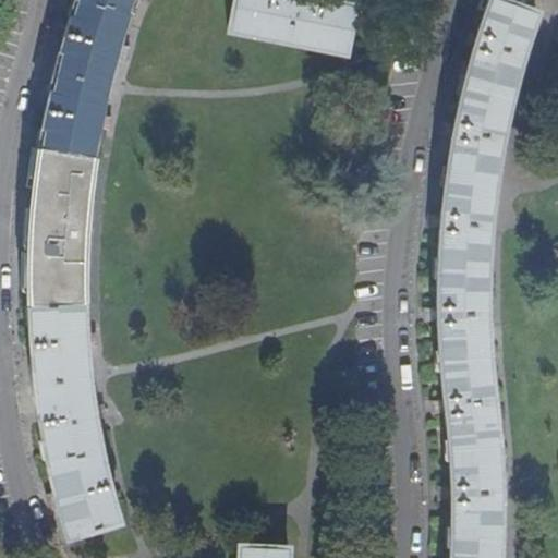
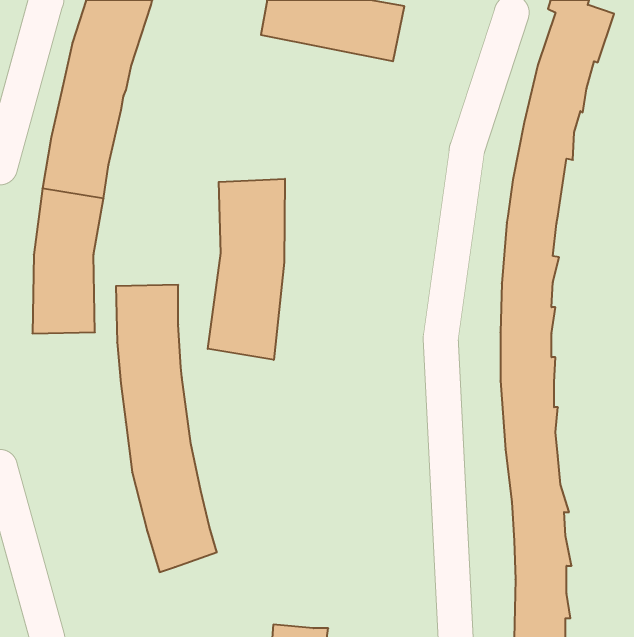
building: none -> [208,179,285,360]
building: [32,291,120,542] -> [116,285,217,572]

